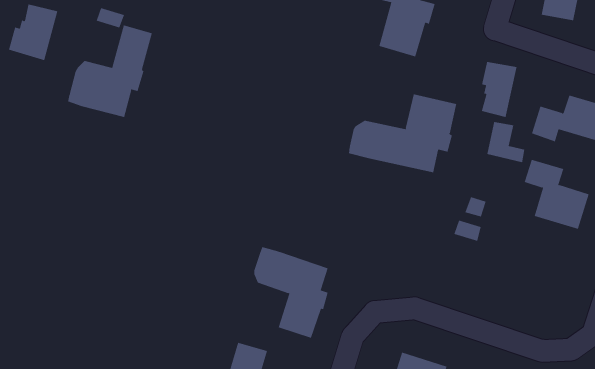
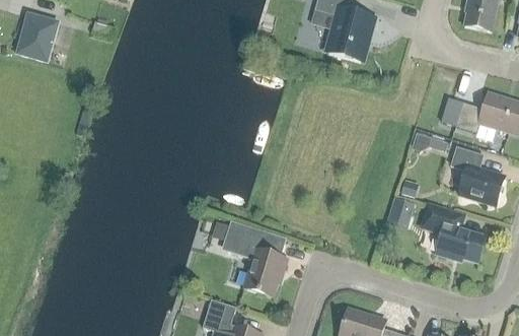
building: [67,25,153,118] -> none
building: [481,61,517,118] -> none
building: [348,93,457,173] -> none
building: none -> [421,203,486,263]

